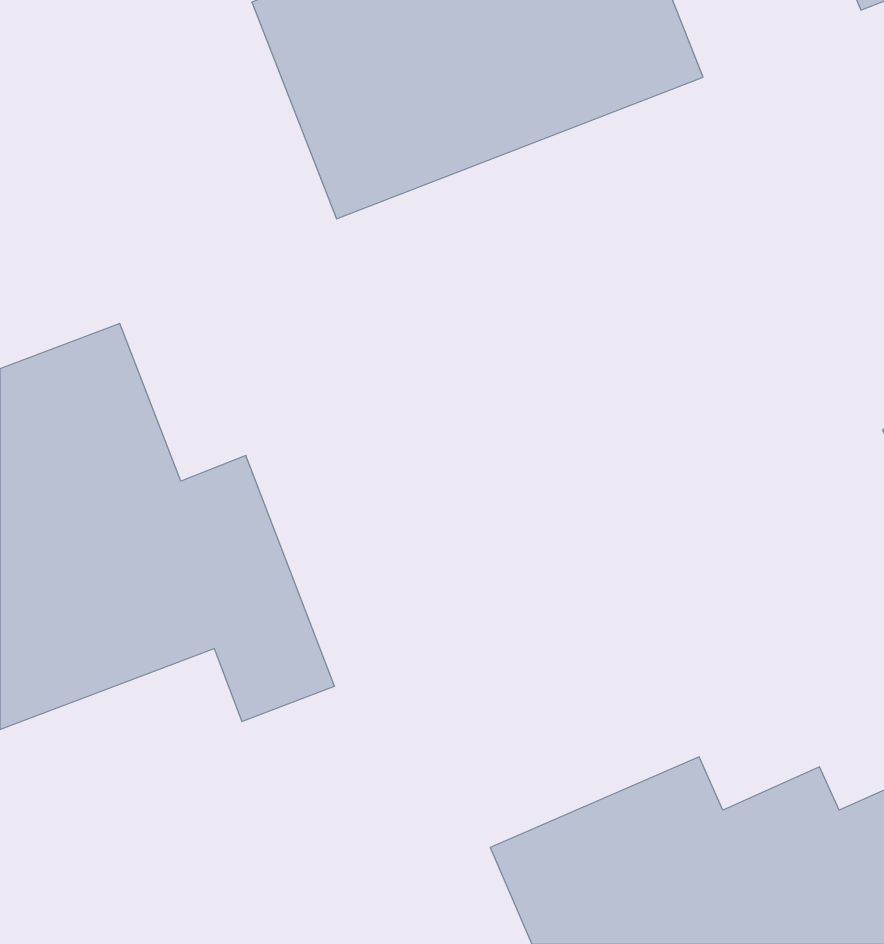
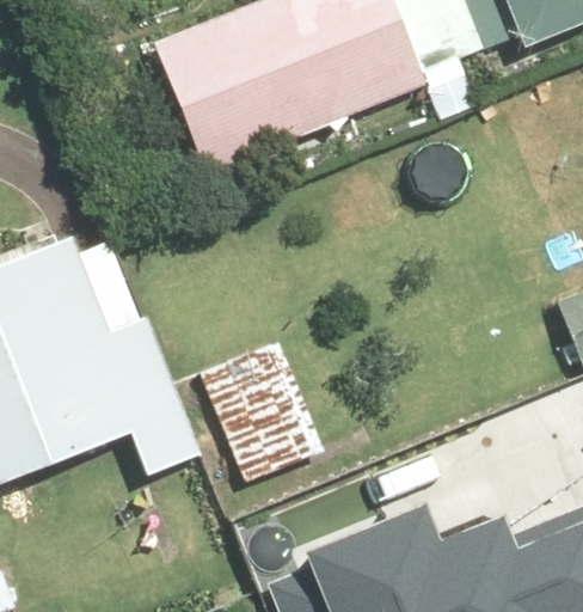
building: none -> [191,343,317,484]

